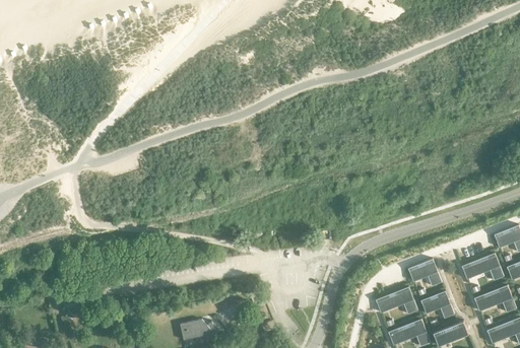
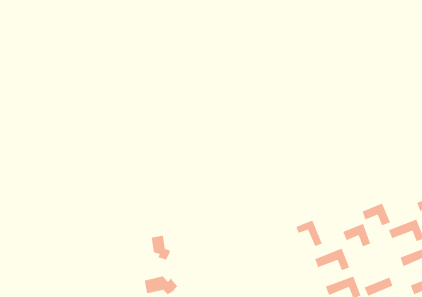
building: none -> [295,219,323,248]
building: none -> [151,235,171,261]
building: [420,291,455,319] -> [361,202,391,226]

